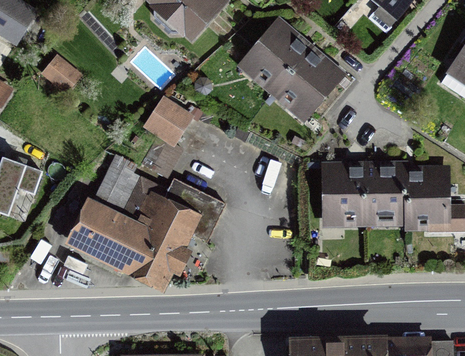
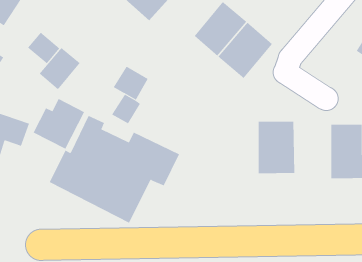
building: none -> [39,47,81,90]
building: none -> [33,98,85,149]
building: [366,163,410,227] -> none

